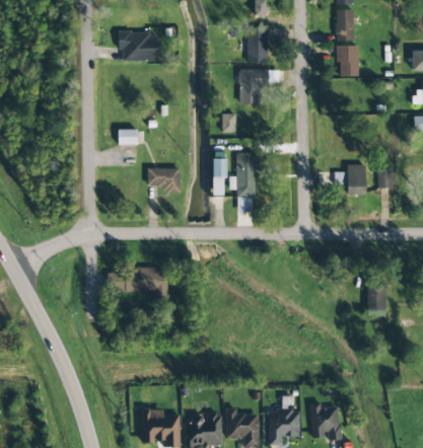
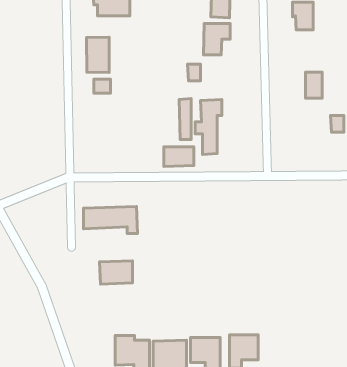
building: none -> [87,37,109,73]
building: [348,165,366,194] -> [305,72,322,98]
building: [148,168,181,190] -> [164,147,194,166]
building: [367,280,386,310] -> none
building: none -> [99,261,133,284]
building: [310,404,339,439] -> none

